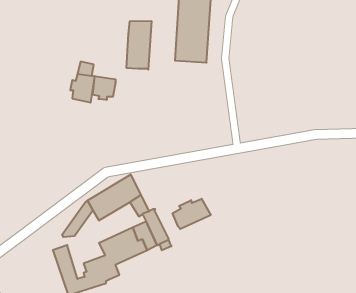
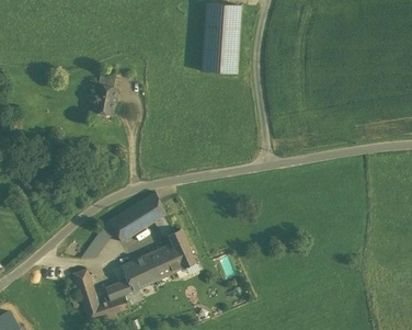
building: [127,21,151,70] -> none
building: [93,76,115,100] -> none
building: [173,199,211,229] -> none

